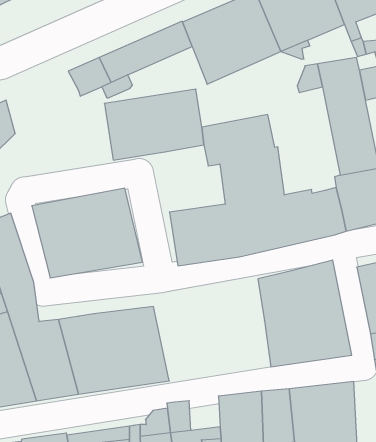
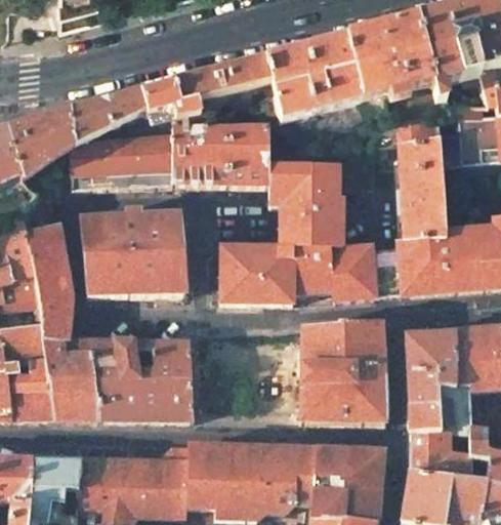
building: none -> [72,85,148,140]
building: none -> [71,131,172,186]
building: none -> [208,442,242,475]

